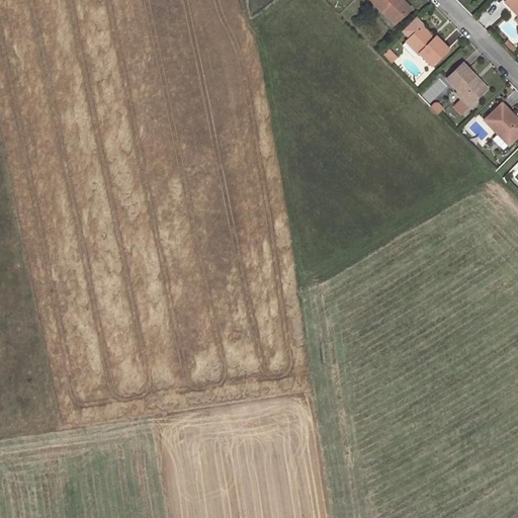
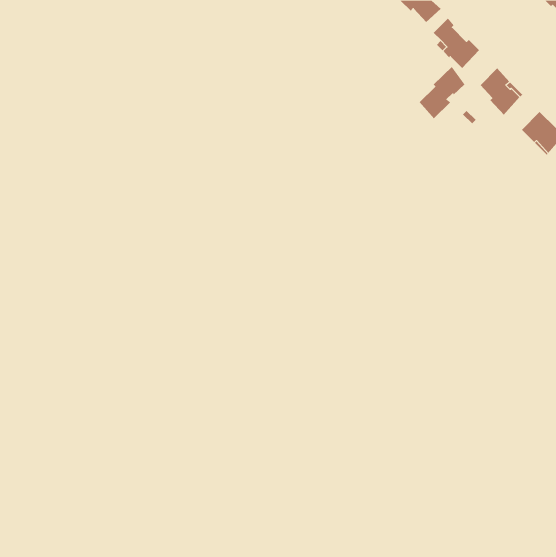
building: none -> [419,66,465,119]

